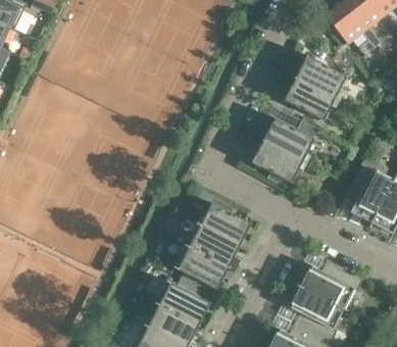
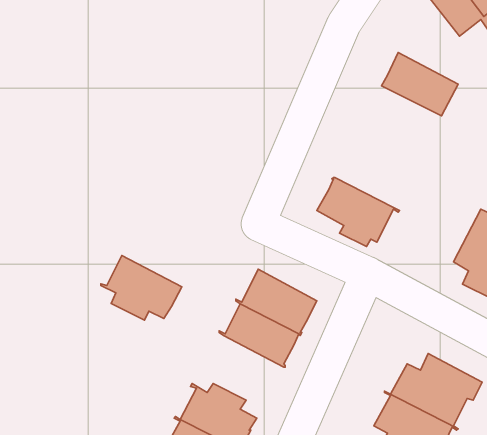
building: [283,76,338,120] -> none
building: [262,116,313,159] -> none
building: [172,246,228,290] -> [101,255,182,320]

